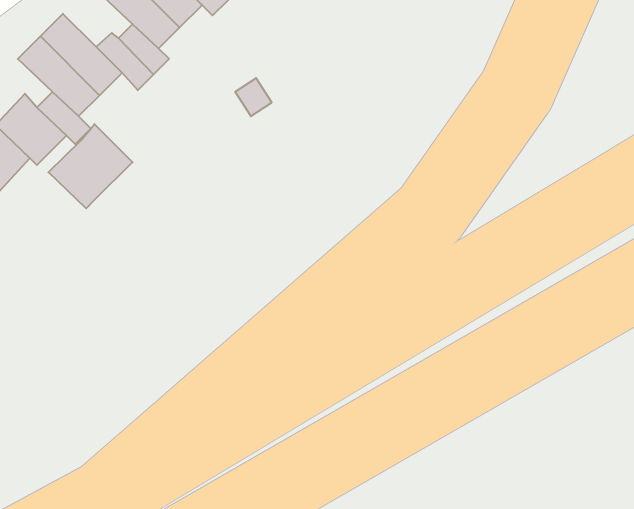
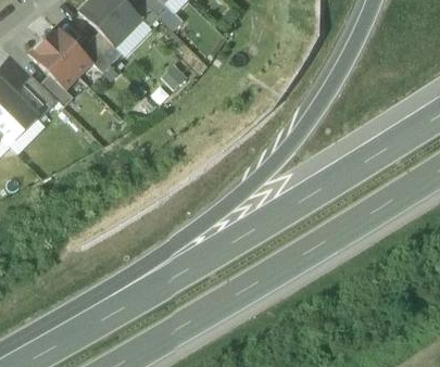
building: [48,124,133,208] -> none

